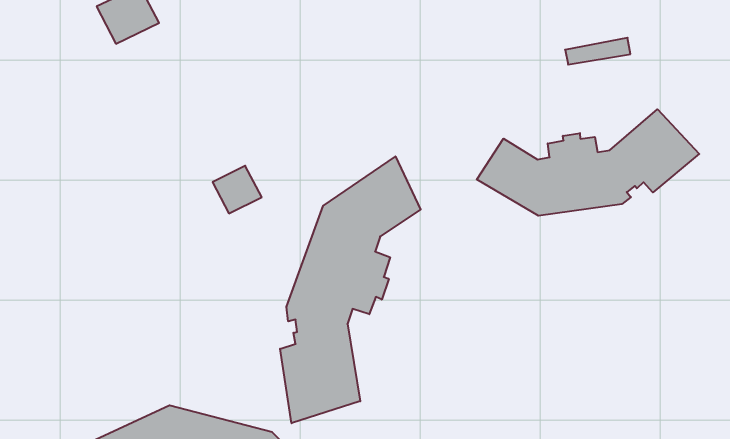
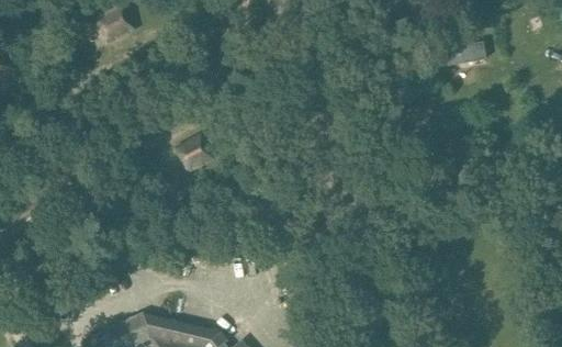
building: [477,109,699,216] -> none
building: [280,156,421,423] -> none

